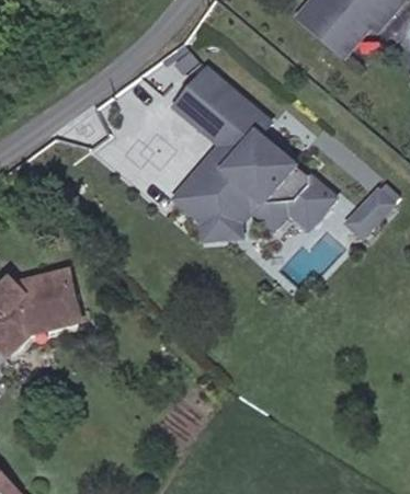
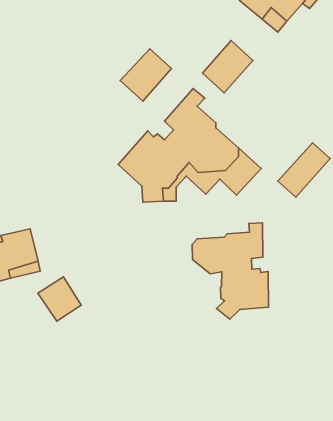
building: [196,92,252,150] -> [202,41,253,93]
building: none -> [192,223,268,319]
building: none -> [38,277,81,321]

